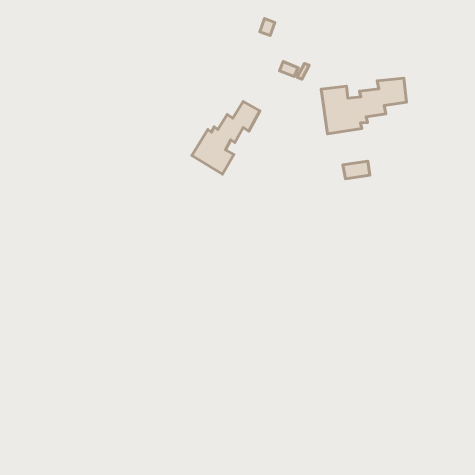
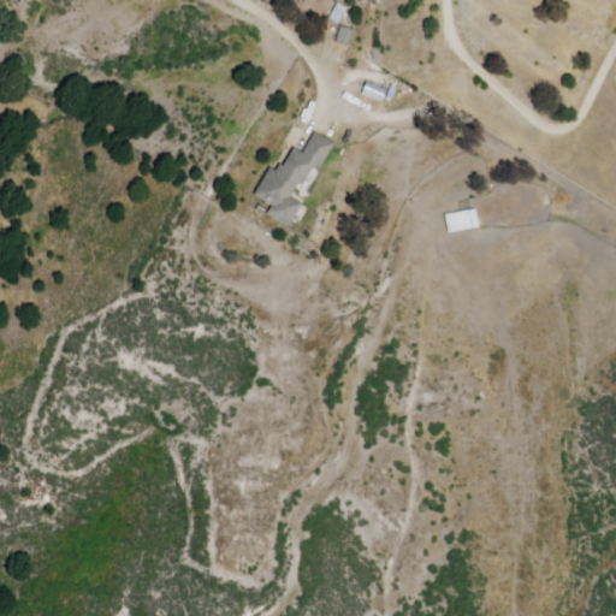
building: [321,78,406,134] -> none

